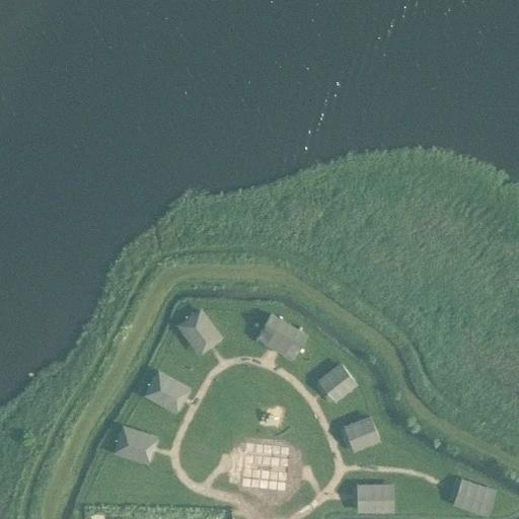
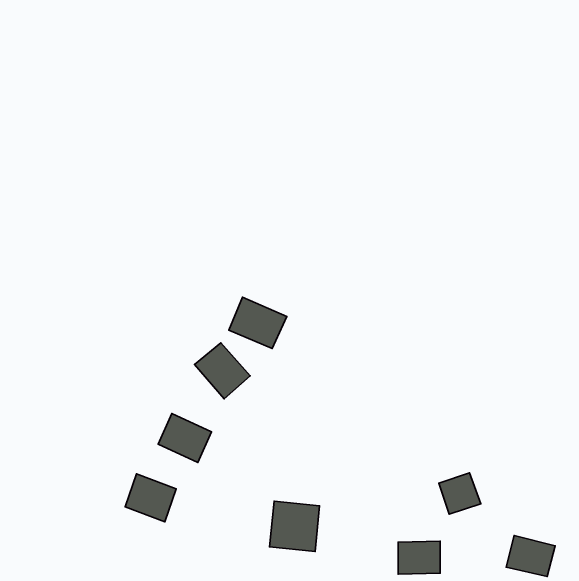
building: [254,313,306,359] -> [229,297,287,349]
building: [316,361,357,401] -> none
building: [342,415,379,451] -> [439,473,481,514]

